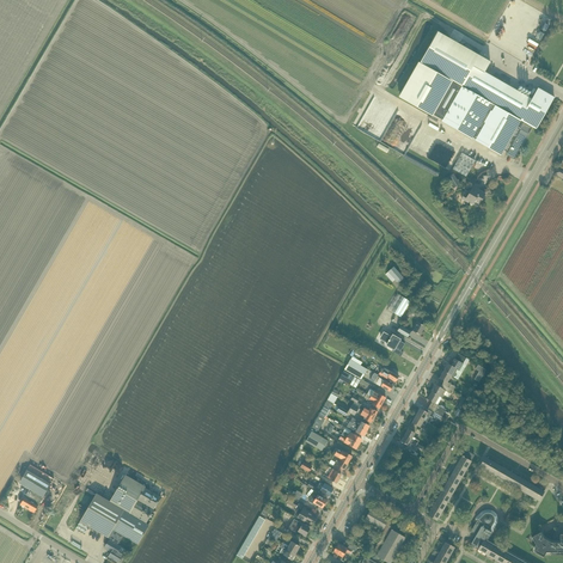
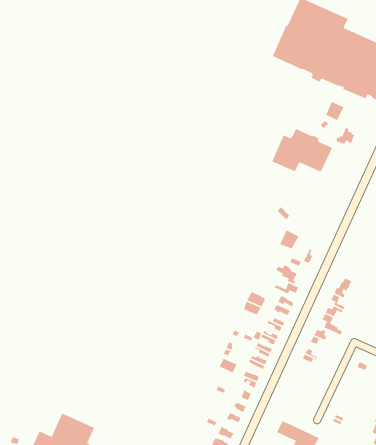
building: none -> [271,128,333,173]

